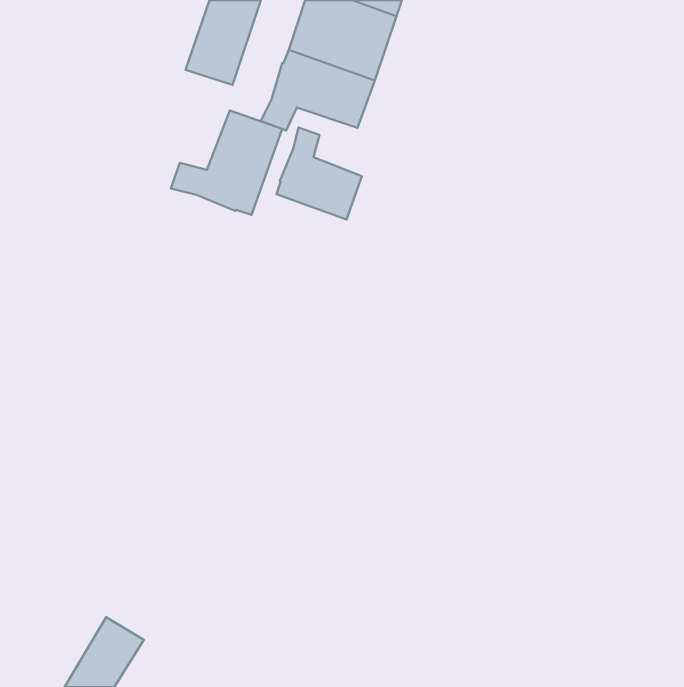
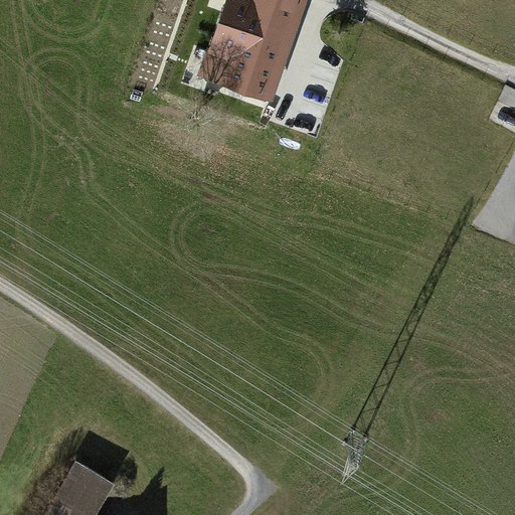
building: [171,111,282,215] -> none
building: [277,128,362,220] -> none

